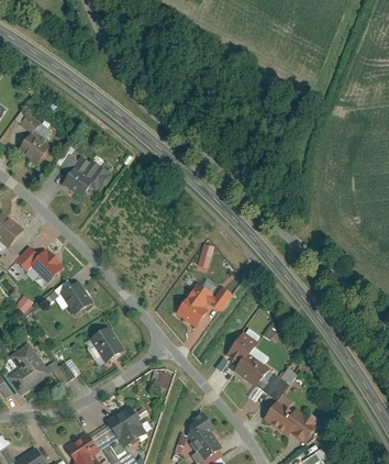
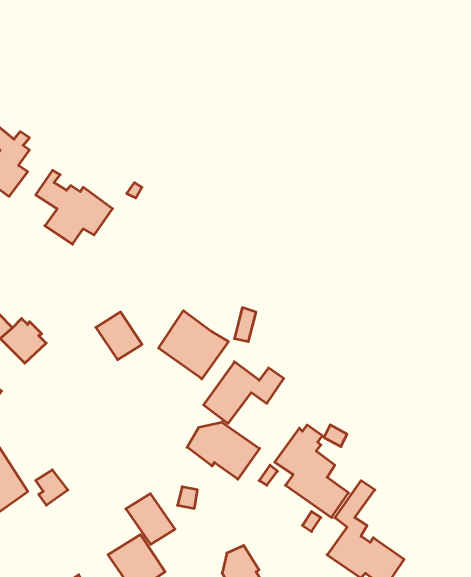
building: none -> [159,311,228,379]
building: [57,283,90,317] -> [96,312,142,360]
building: none -> [187,422,260,479]
building: [90,327,125,363] -> [126,494,175,544]

